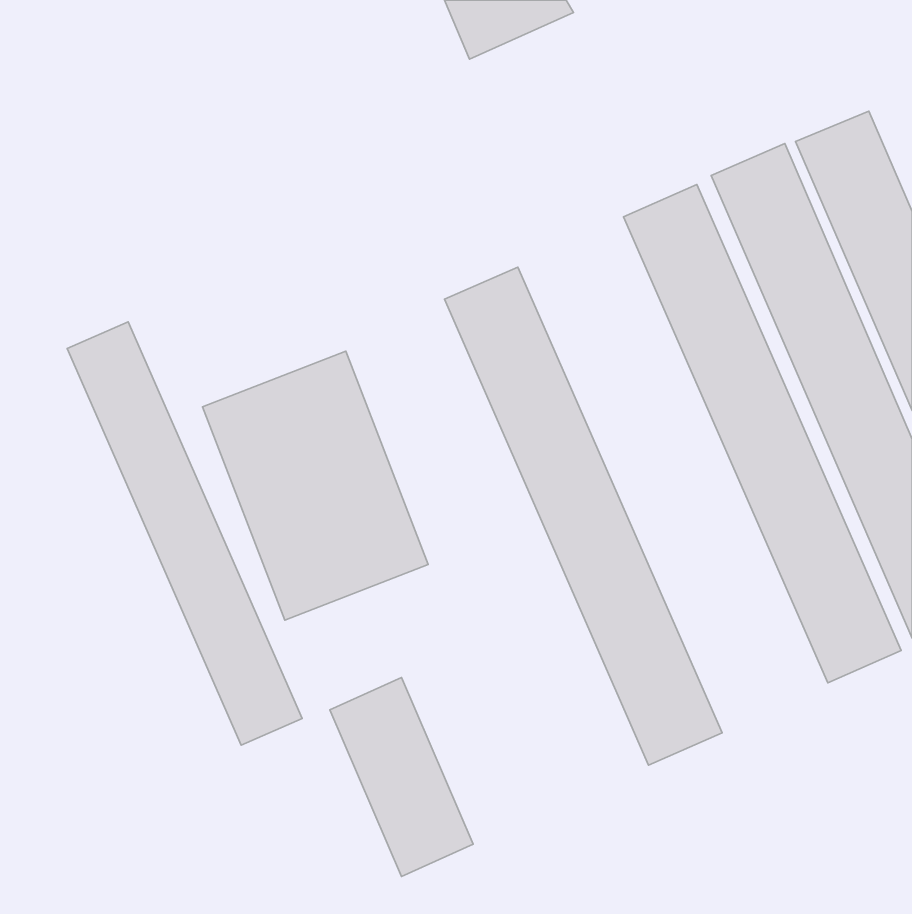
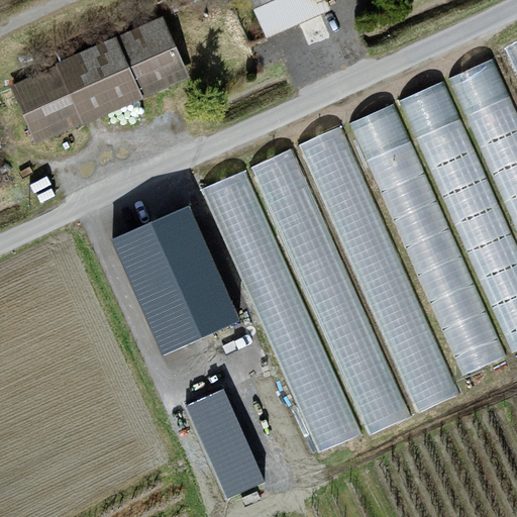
building: none -> [6,16,189,149]
building: none -> [297,128,453,409]
building: none -> [203,172,359,452]
building: [67,322,302,745] -> none

